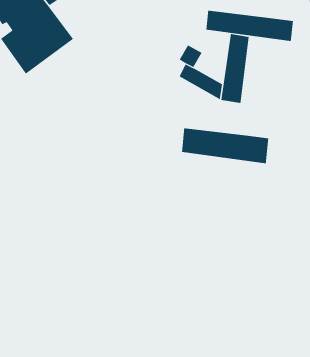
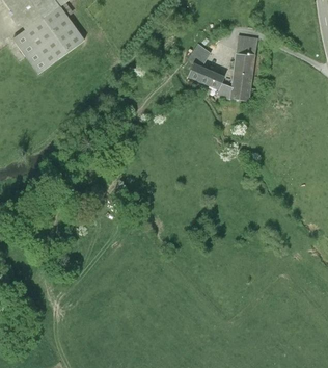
building: [206,10,293,42] -> none
building: [181,127,269,164] -> none

